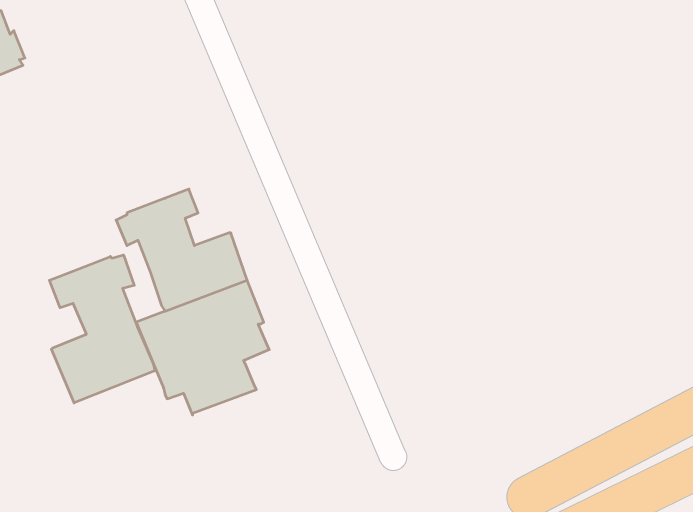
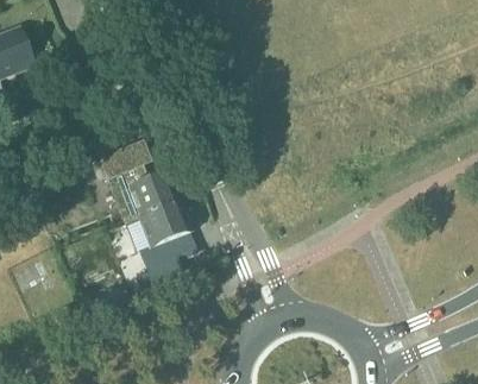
building: [49,255,155,403] -> none

